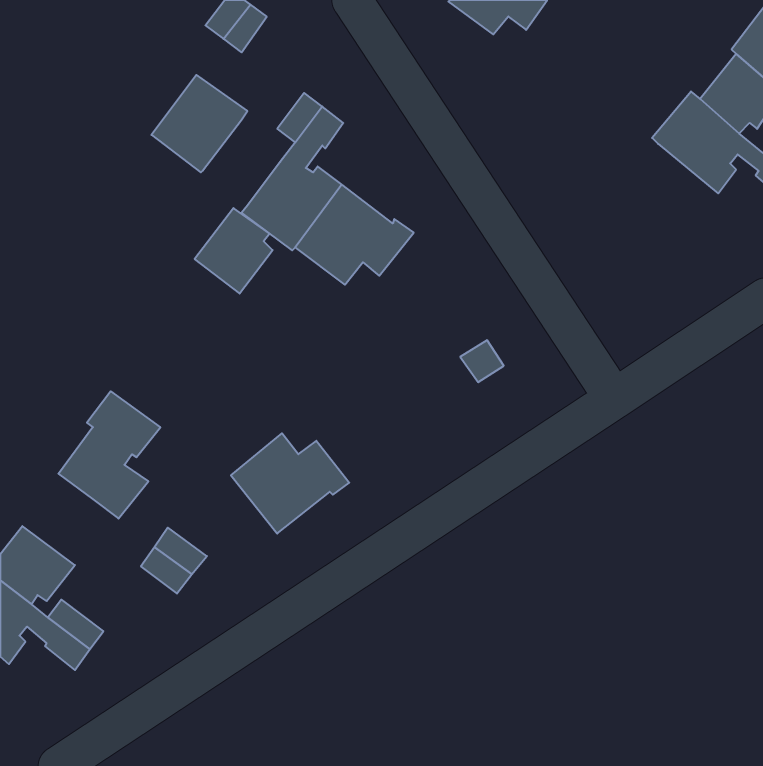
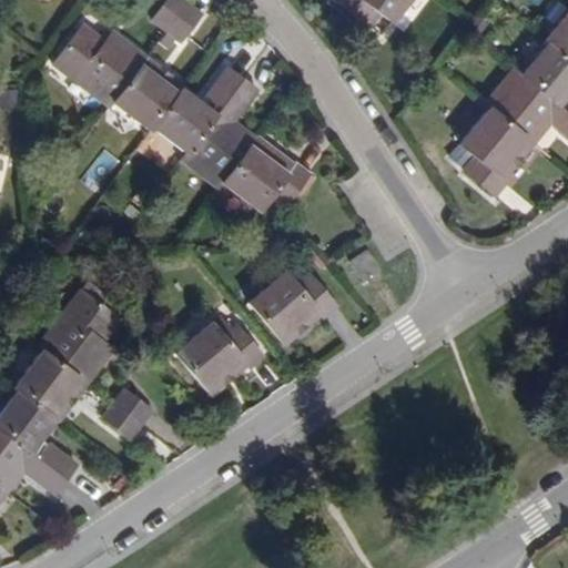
building: none -> [53,20,148,100]
building: none -> [459,106,534,197]
building: [195,208,273,294] -> [152,89,210,152]
building: none -> [248,271,333,344]
building: none -> [17,351,90,422]

